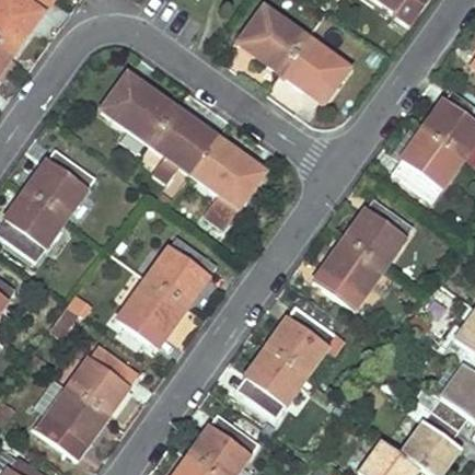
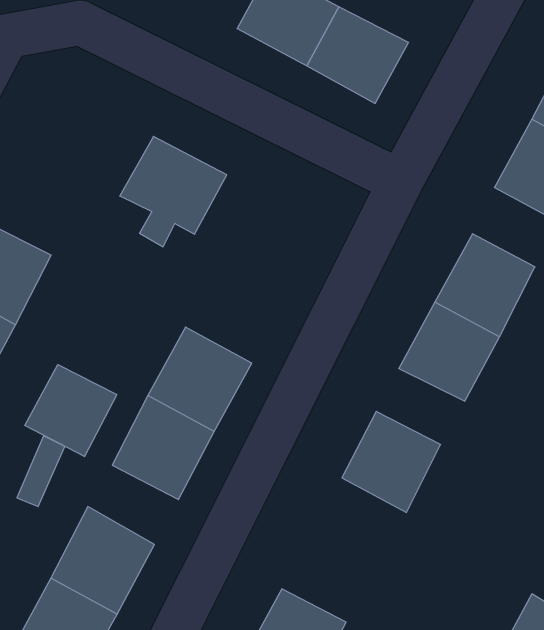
building: [101,72,173,142] -> none
building: [192,138,263,227] -> none
building: none -> [25,365,117,457]
building: [236,347,306,416] -> none

